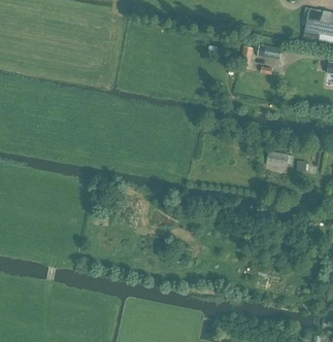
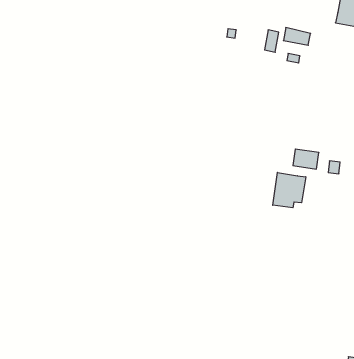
building: none -> [273,172,306,208]

